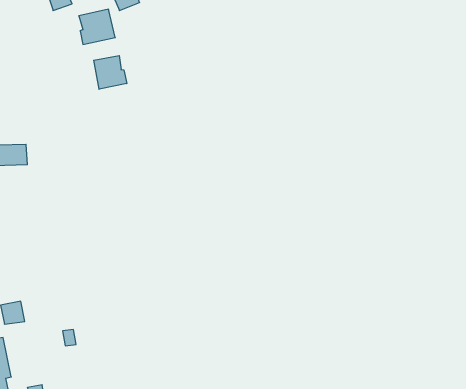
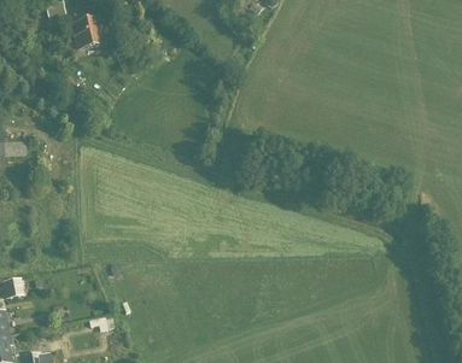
building: [94,56,127,89] -> none

